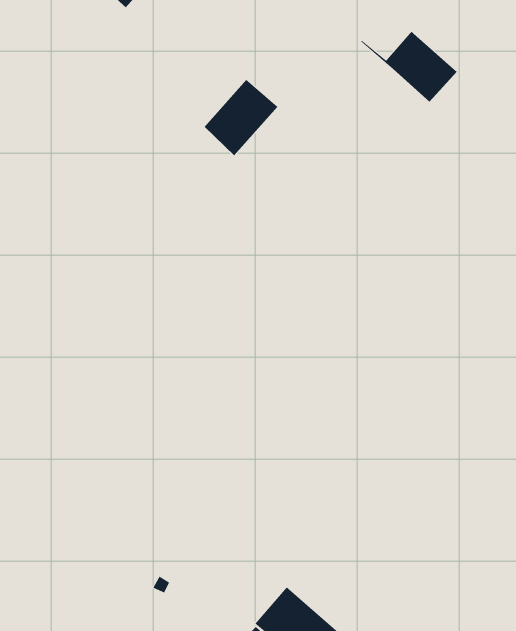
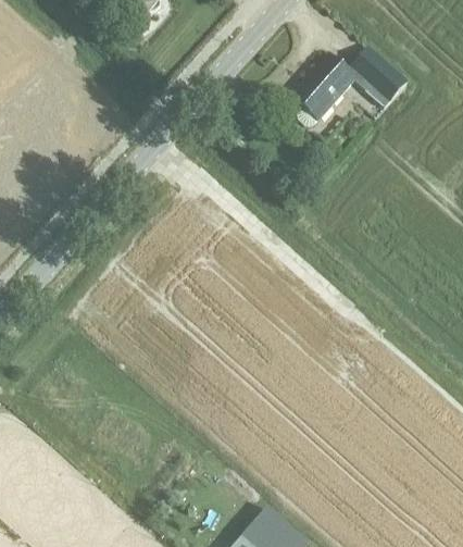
building: [204,79,278,156] -> [293,58,354,121]

